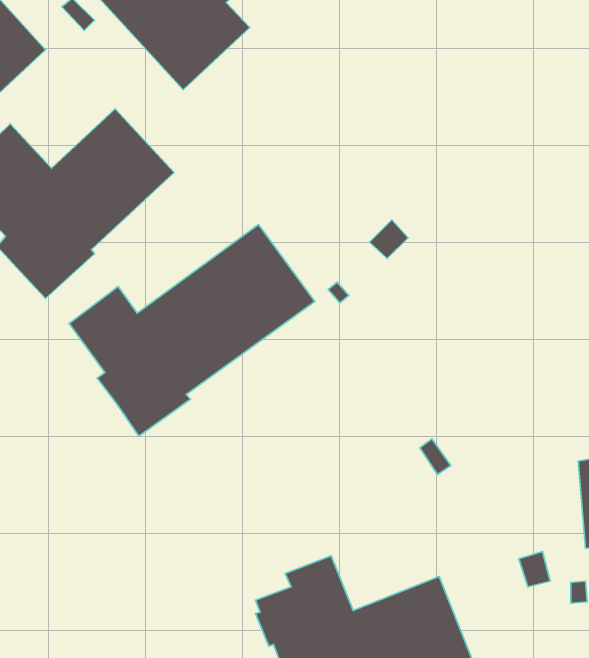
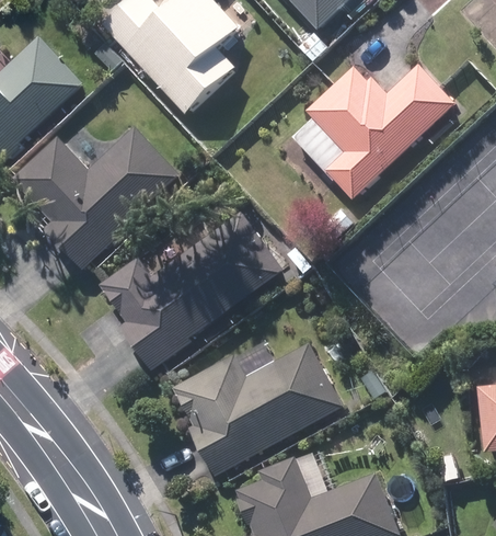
building: none -> [308,66,454,198]
building: none -> [174,343,341,475]

